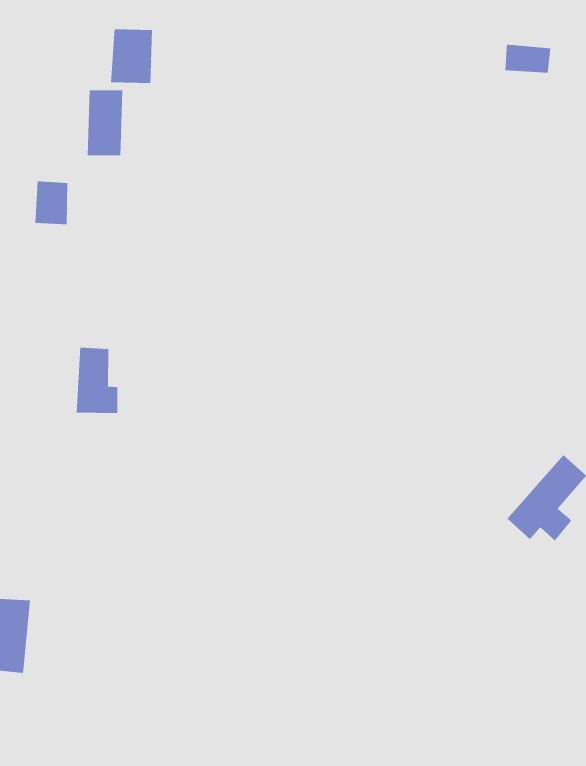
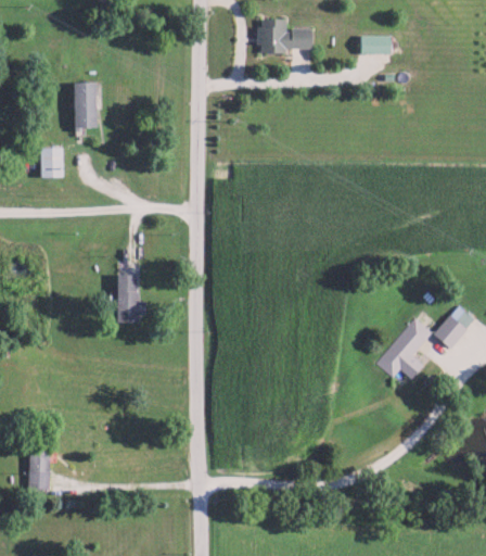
building: none -> [259,18,312,53]
building: [111,28,152,84] -> none
building: [76,347,118,413] -> [117,275,146,320]

